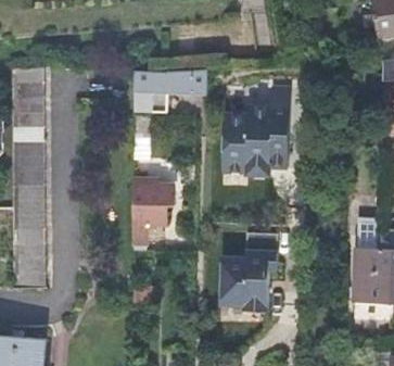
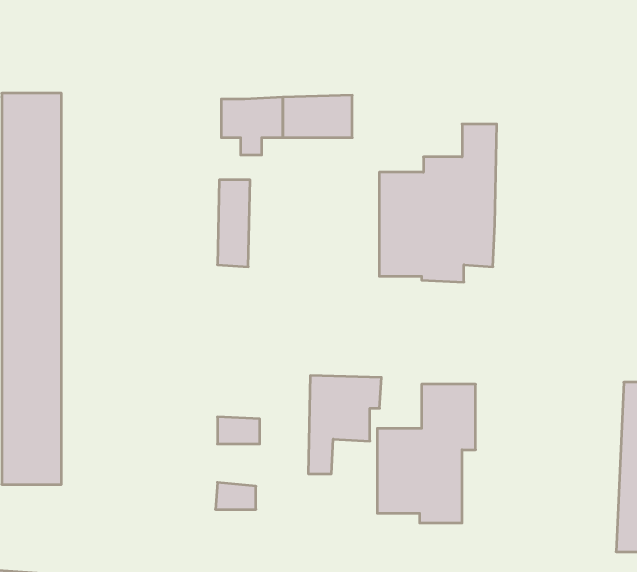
building: [132,186,174,241] -> [308,376,381,474]

